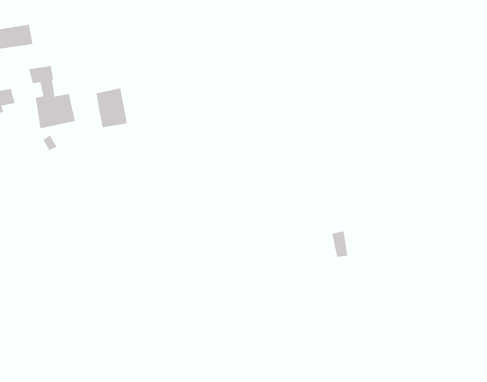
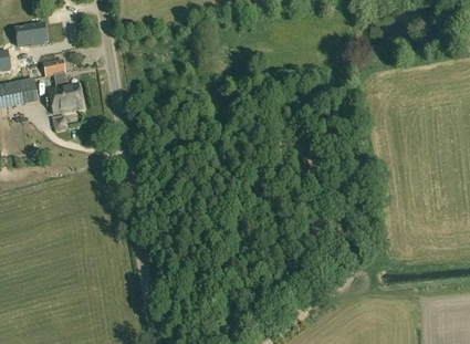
building: [95,88,128,128] -> none

